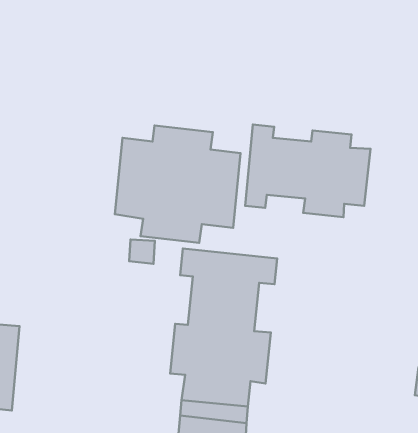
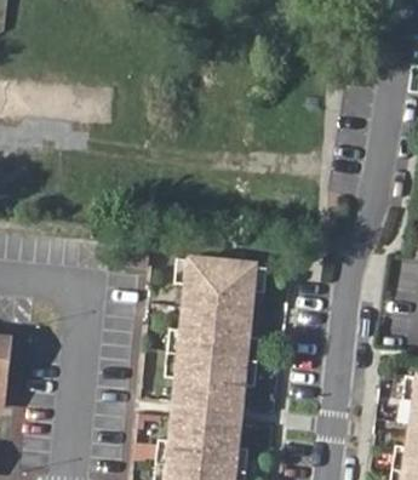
building: [245,125,370,217] -> none
building: [115,125,241,243] -> none

